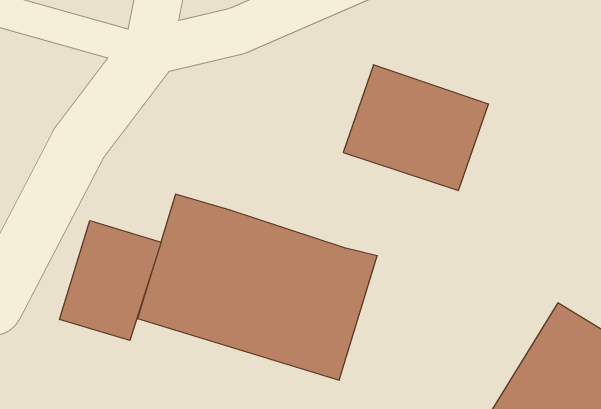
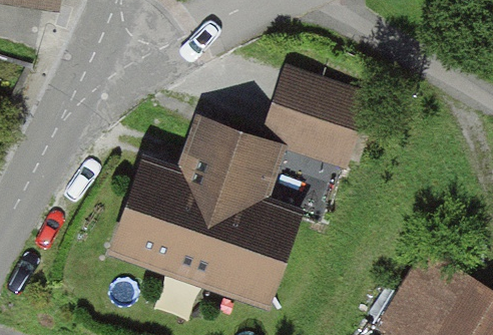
building: none -> [177,119,284,205]
building: [60,221,161,340] -> none

